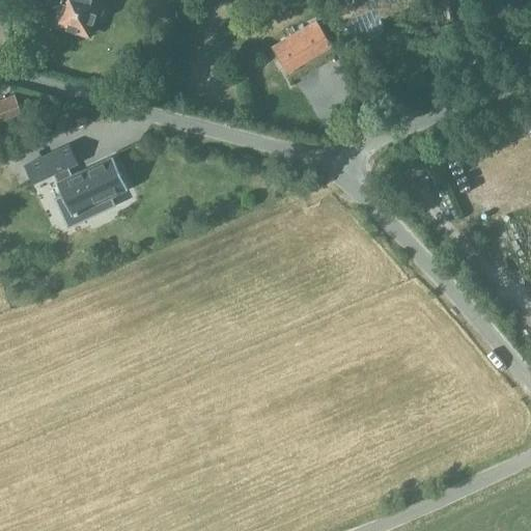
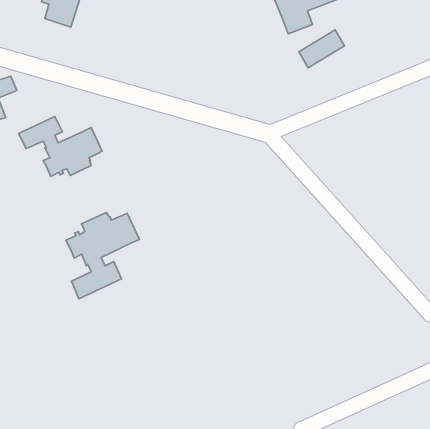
building: [274,26,330,73] -> [299,30,345,68]
building: none -> [66,213,140,299]

